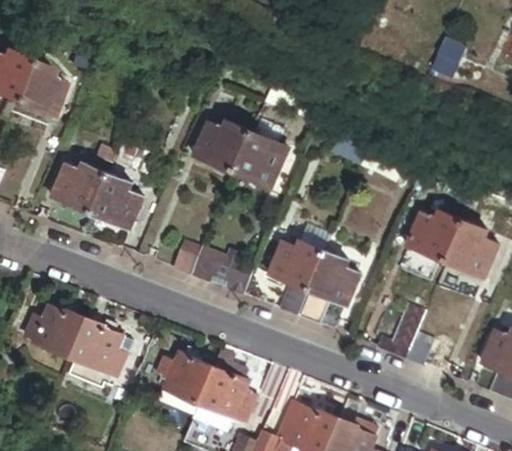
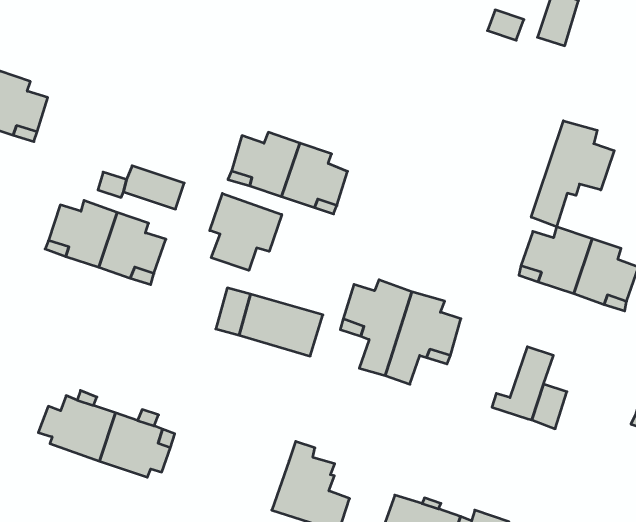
building: none -> [531,121,614,227]
building: none -> [210,193,282,270]
building: [160,353,220,406] -> none

